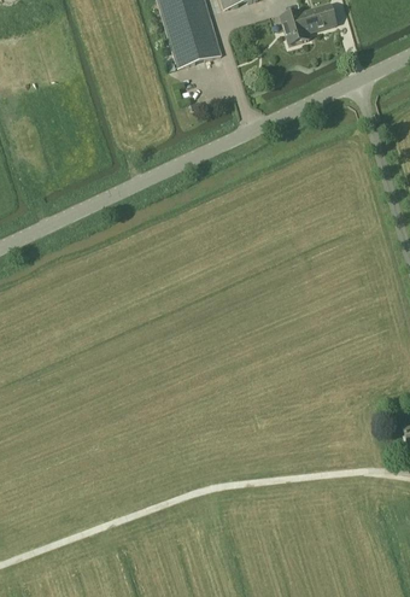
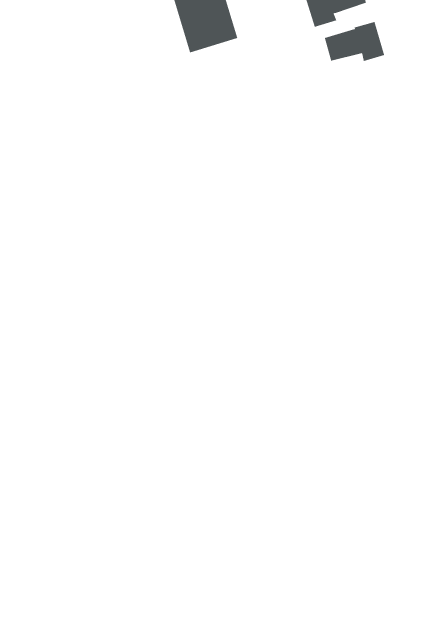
building: none -> [324,21,385,62]

